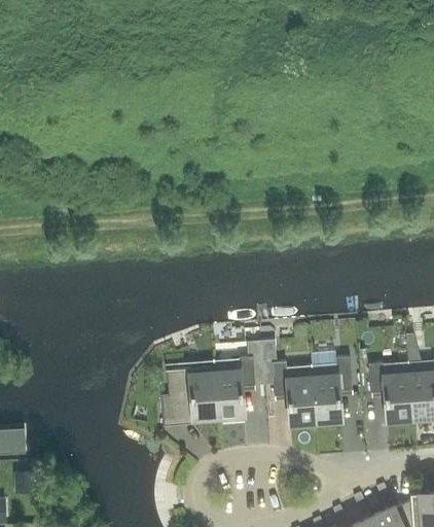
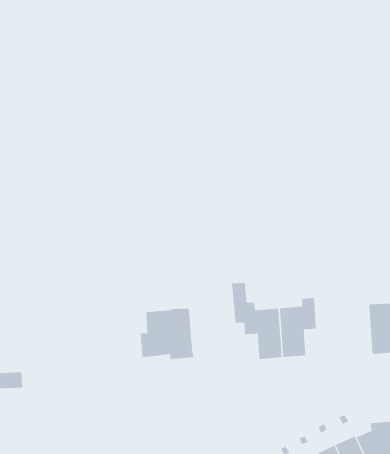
building: [213,340,264,415] -> none
building: [369,359,412,419] -> none

